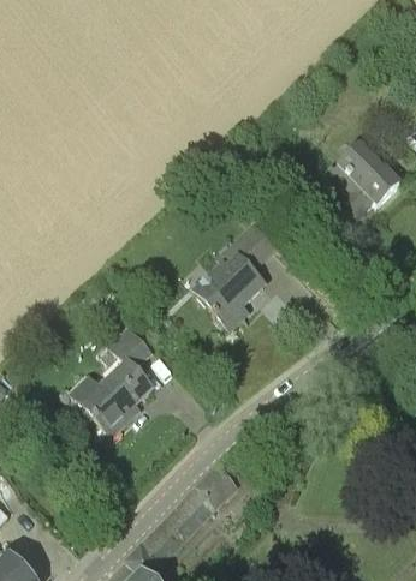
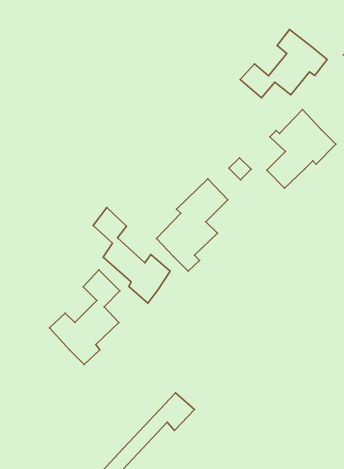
building: none -> [240,30,327,98]
building: none -> [93,207,170,303]

